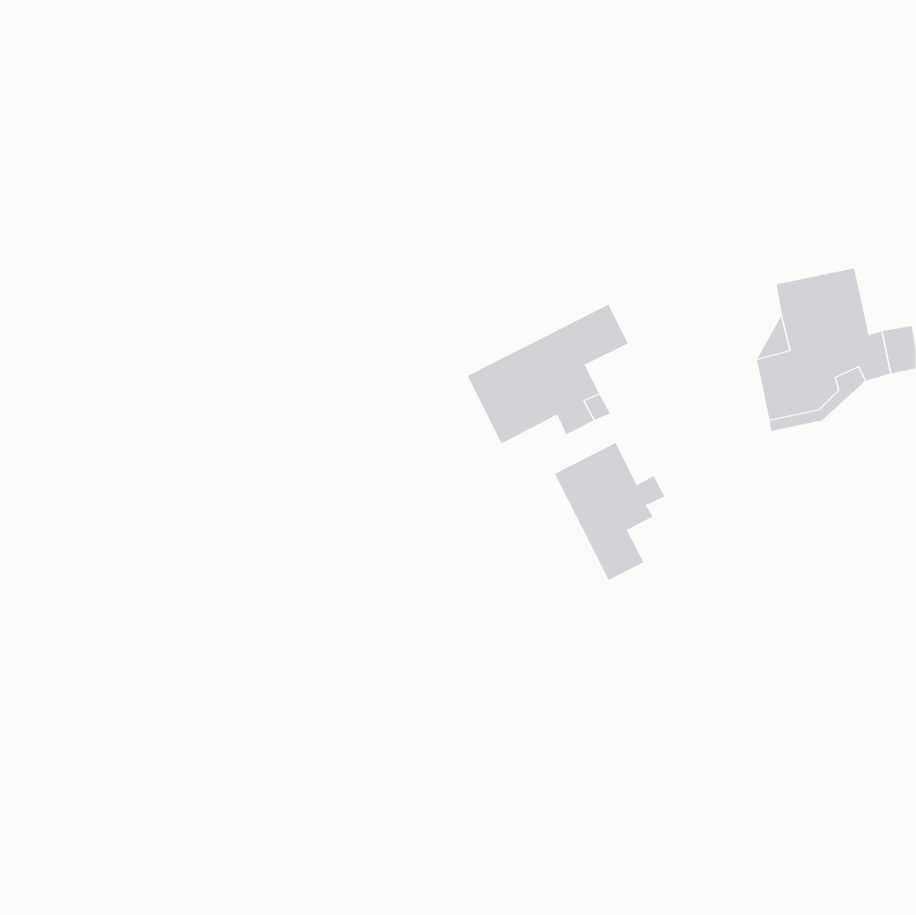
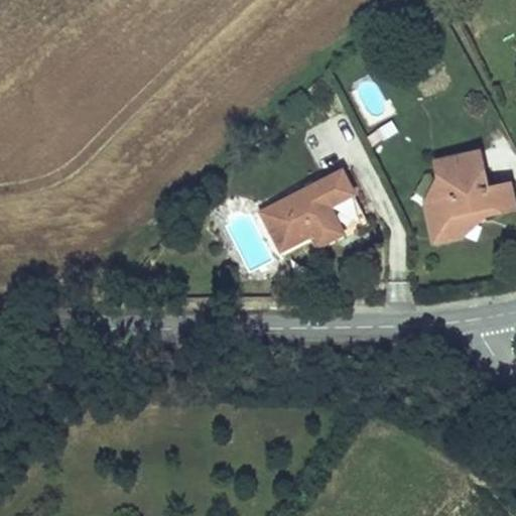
building: [554,442,665,581] -> none

